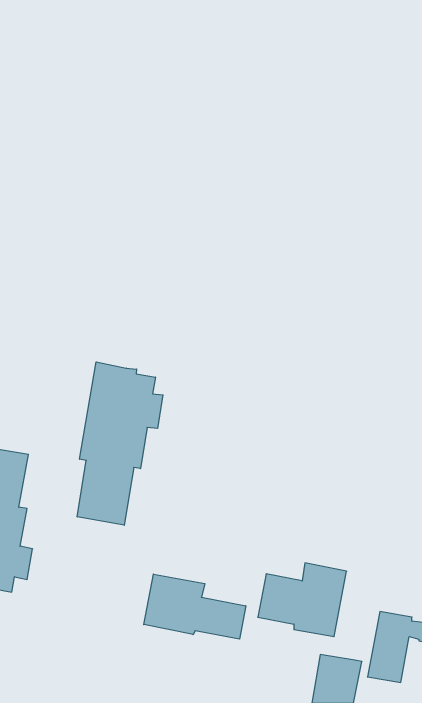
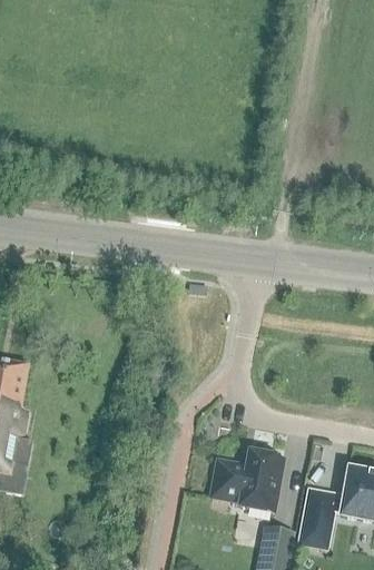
building: [77,362,163,525] -> none
building: [144,574,246,639] -> none

